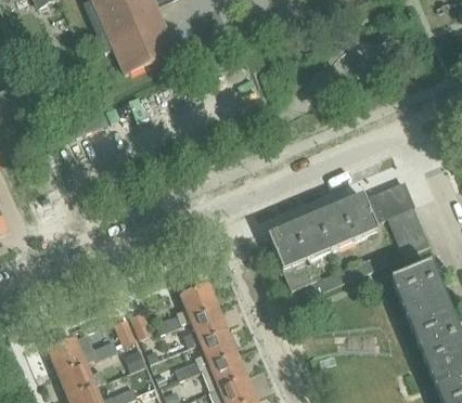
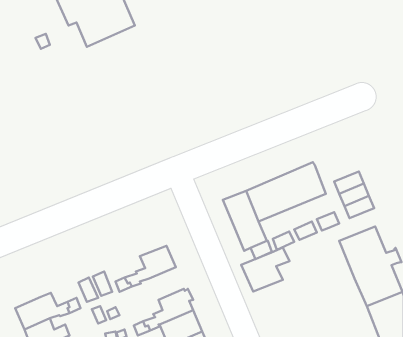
building: [372,182,414,218] -> none
building: none -> [241,247,289,292]
building: [183,307,228,346] -> none

